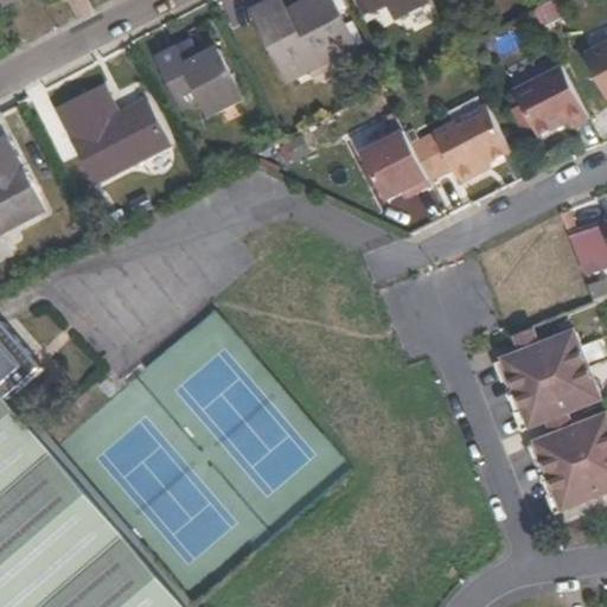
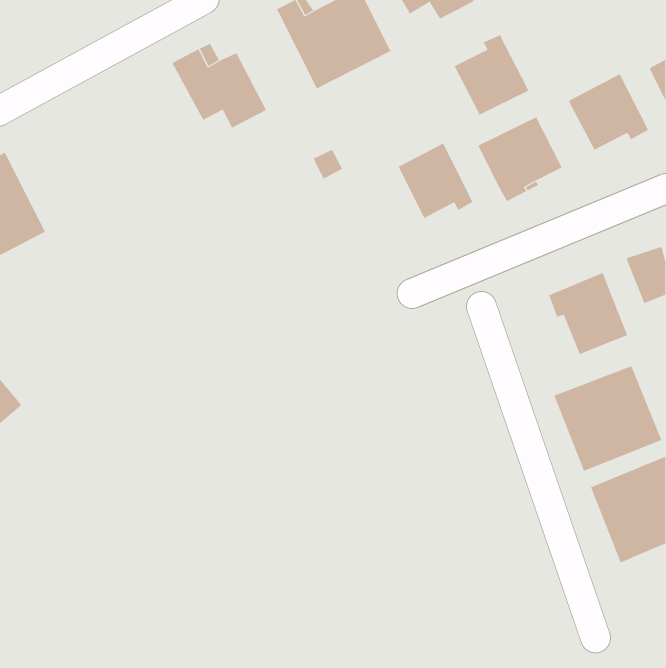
building: none -> [454,34,529,115]
building: [56,83,168,183] -> none
building: [409,132,451,179] -> none
building: none -> [548,272,628,355]

